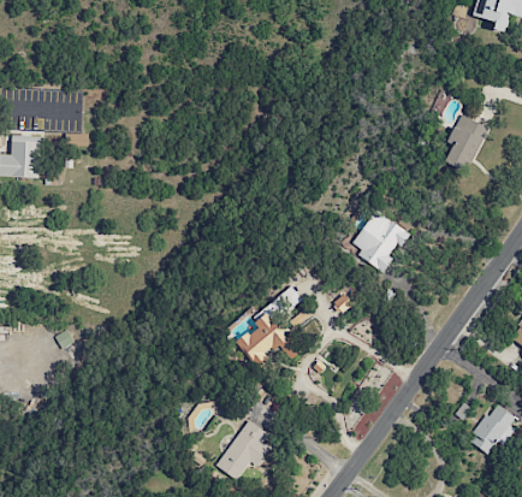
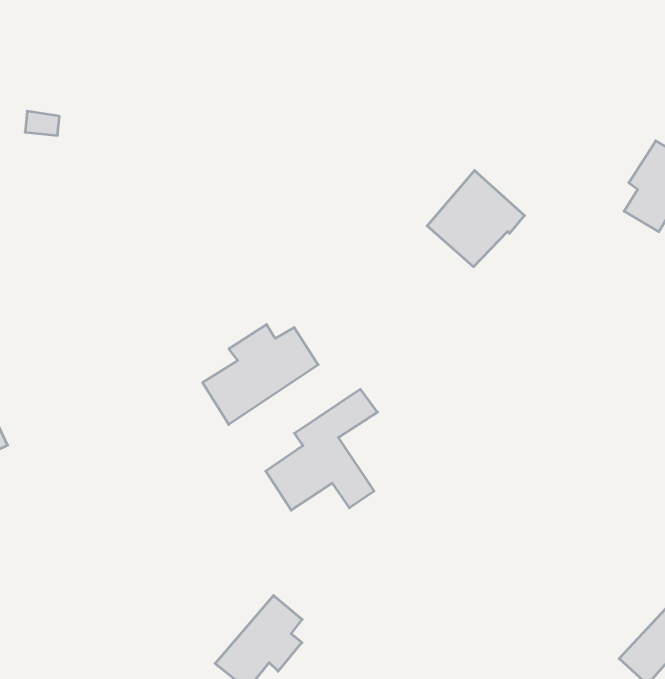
building: [350,209,410,270] -> [427,170,525,267]
building: none -> [203,324,318,425]

